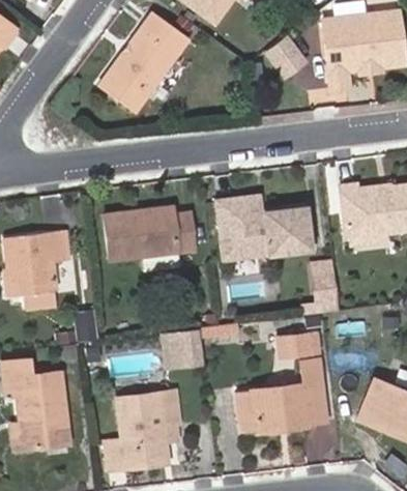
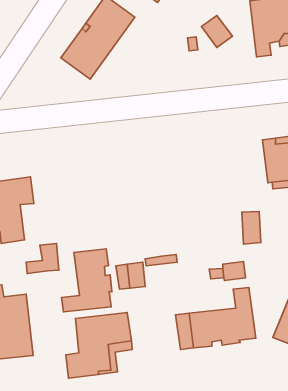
building: [216,196,311,258] -> none
building: [105,206,198,257] -> none
building: none -> [62,249,112,312]

